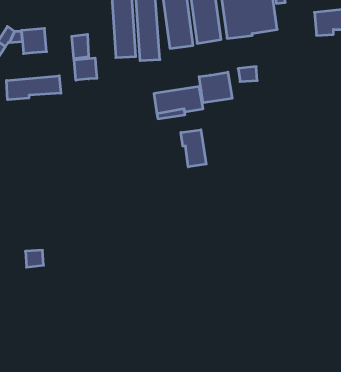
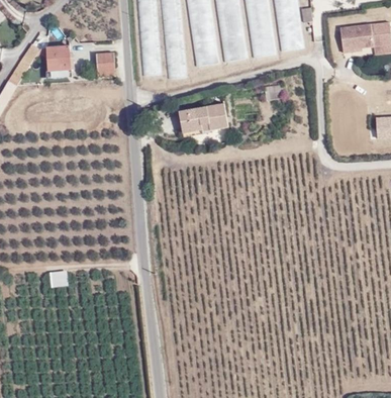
building: [74,58,97,80] -> none
building: [199,72,232,103] -> none
building: [7,76,61,100] -> none
building: [181,130,206,167] -> none

